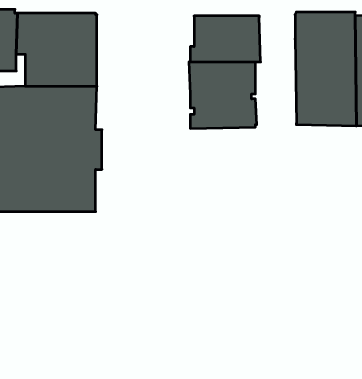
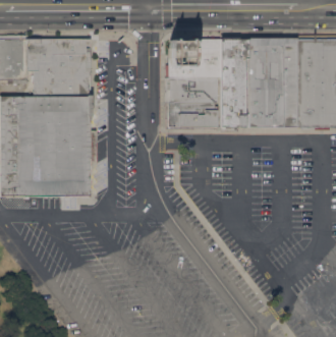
building: none -> [221,40,249,128]

